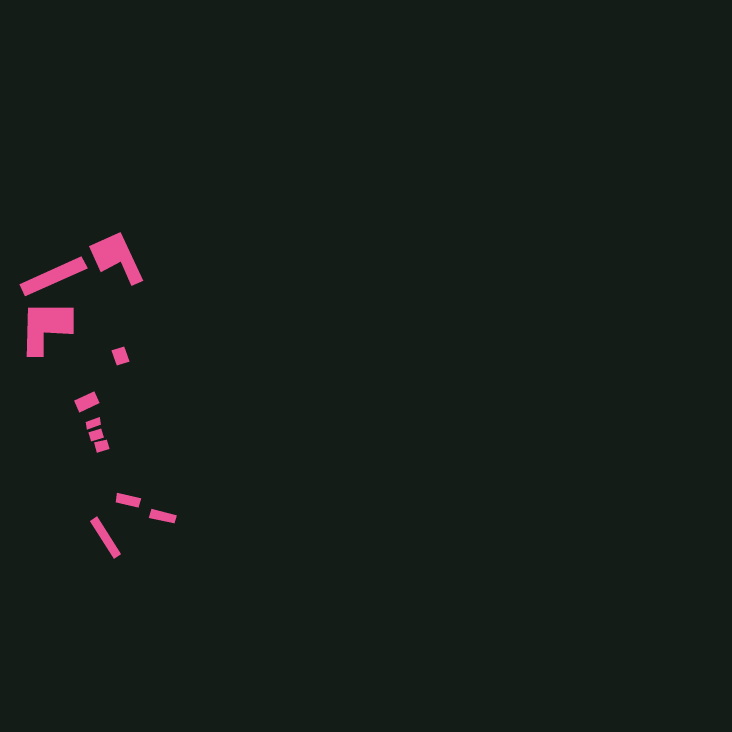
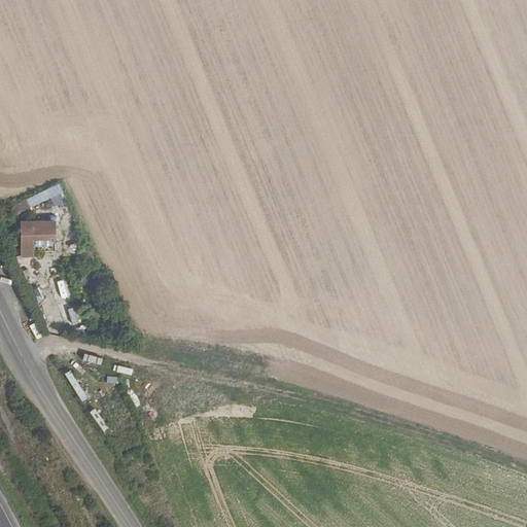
building: [88,231,144,287] -> none

